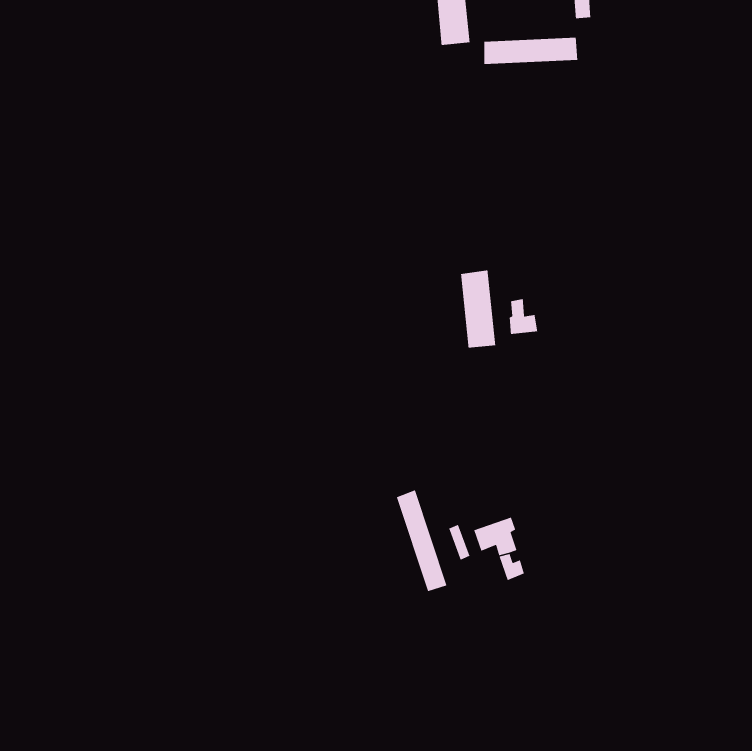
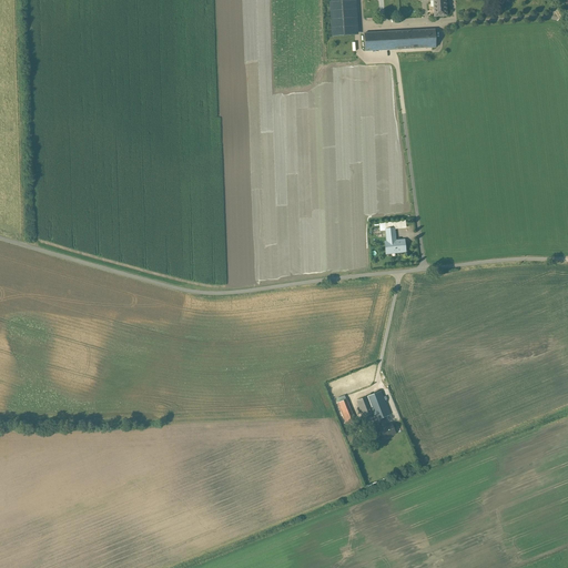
building: [460,270,496,349] -> none
building: [396,489,448,592] -> none

